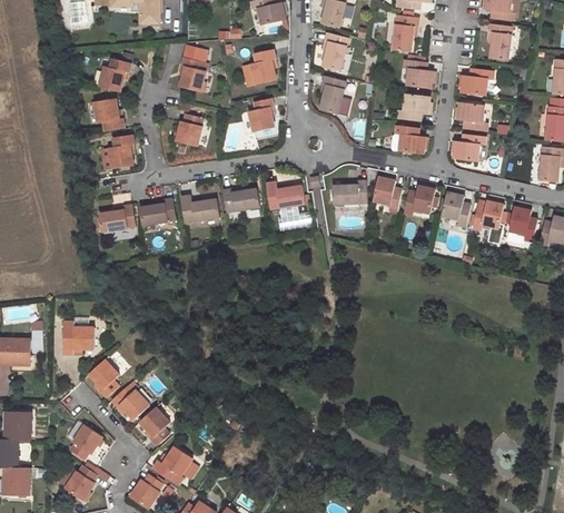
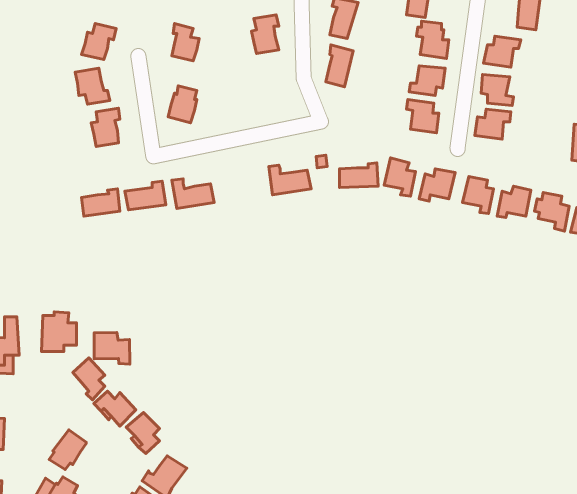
building: [248,98,274,131] -> none
building: [222,189,258,211] -> none
building: none -> [94,333,130,364]

